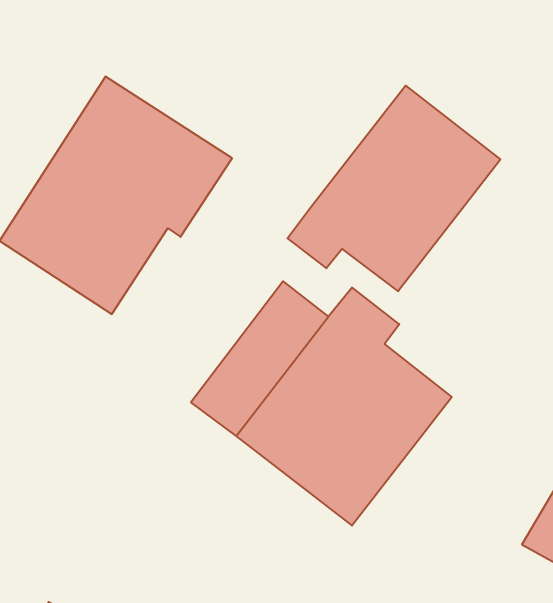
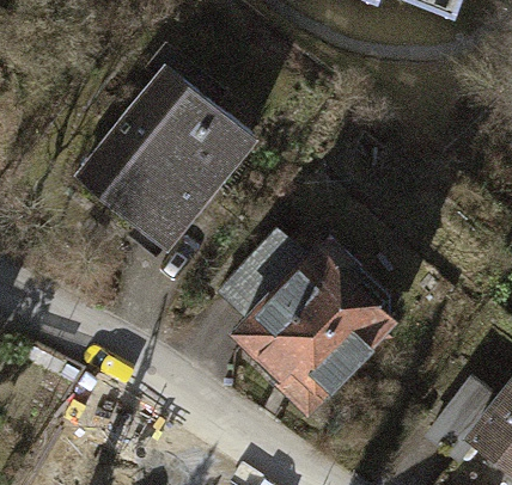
building: [287,86,500,291] -> none

